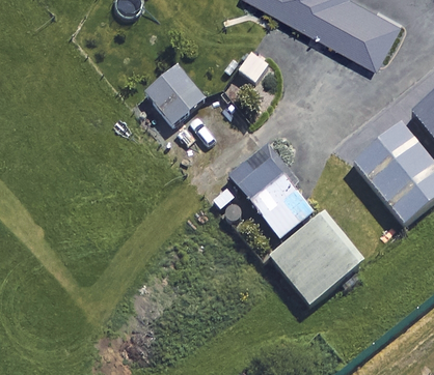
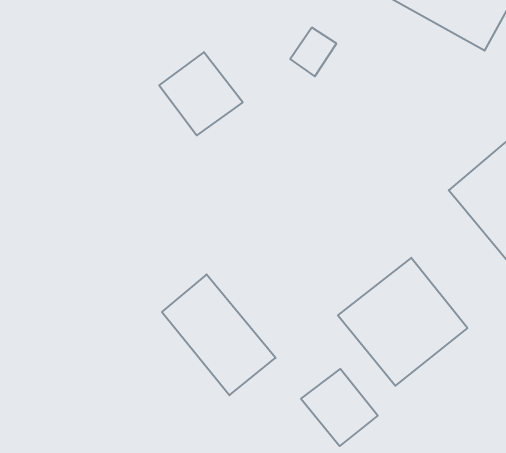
building: [230,152,313,239] -> [162,274,276,395]
building: none -> [301,369,378,446]

